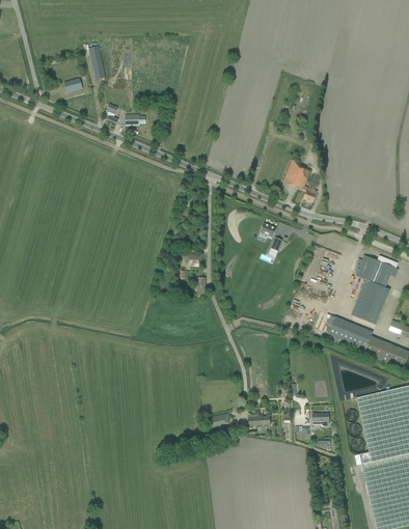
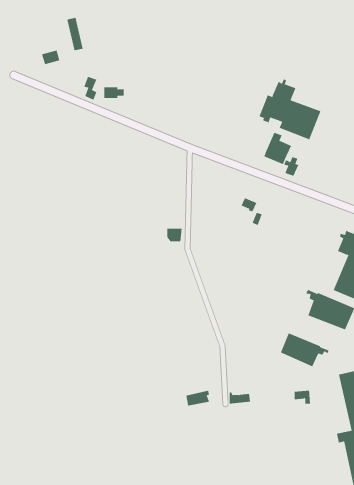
building: none -> [259,78,321,140]
building: none -> [280,332,329,367]

